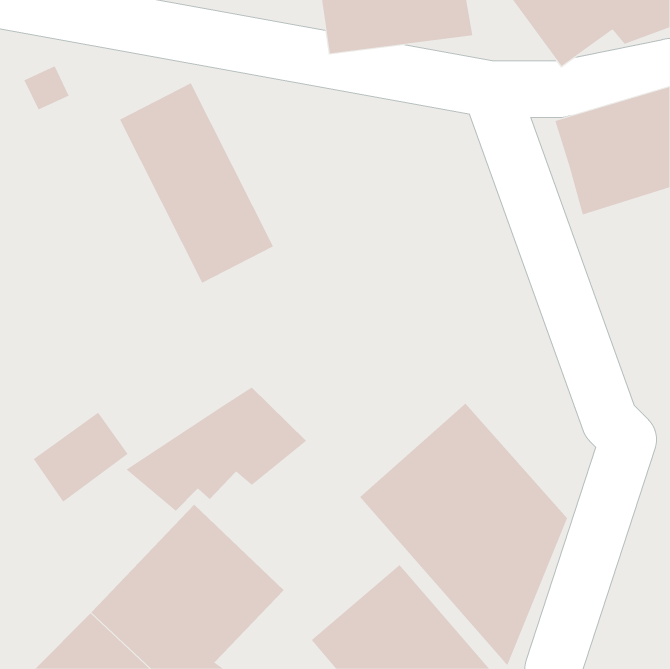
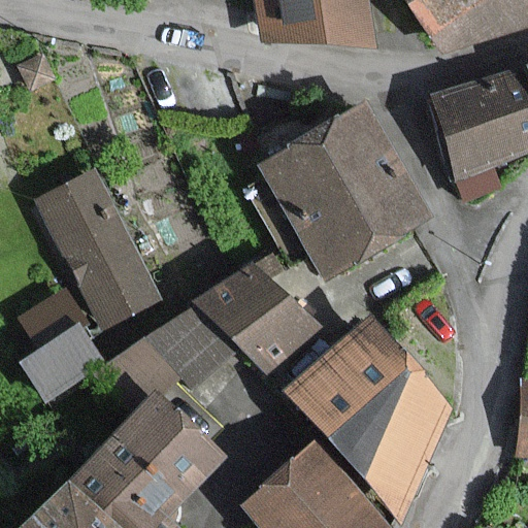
building: [119,83,274,283] -> [36,170,158,328]
building: none -> [262,106,427,275]
building: none -> [205,258,317,371]

